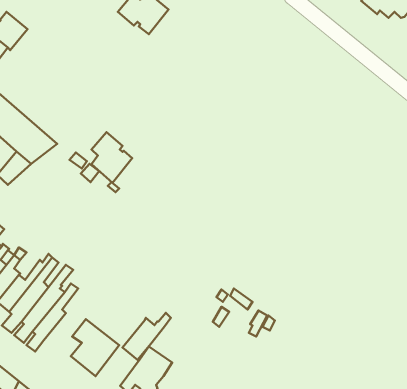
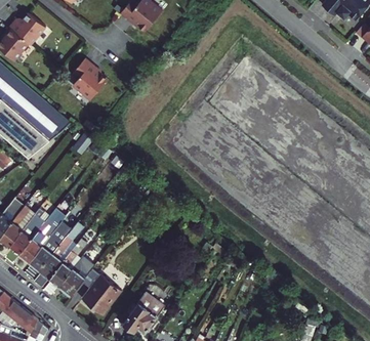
building: [92,132,132,183] -> [72,58,106,100]
building: [123,313,171,360] -> [57,257,97,296]

